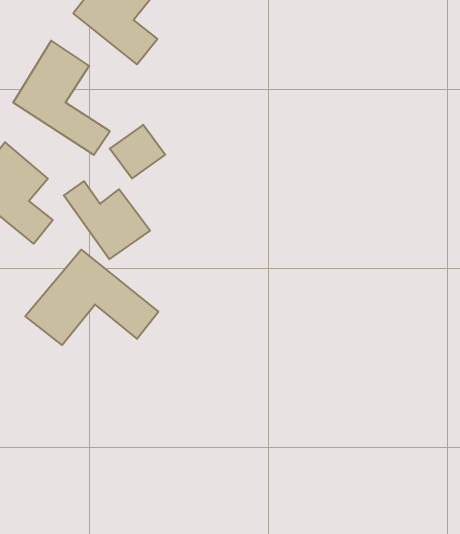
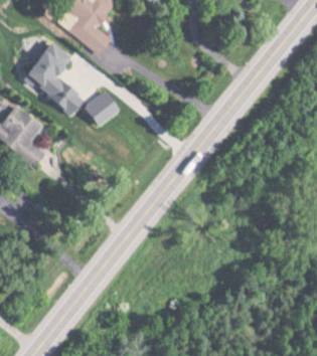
building: [64,181,150,259] -> none
building: [25,250,158,345] -> none

